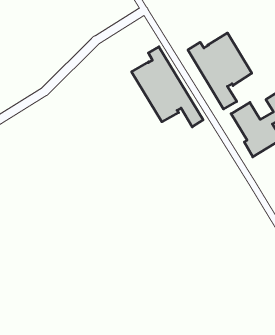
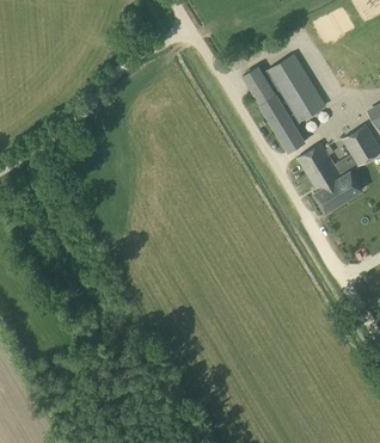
building: [132,47,203,127] -> none

